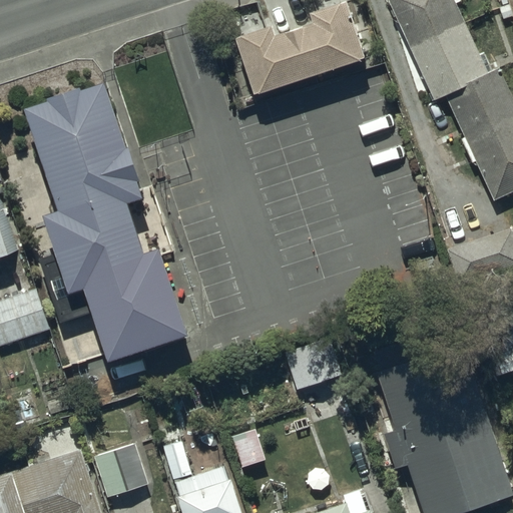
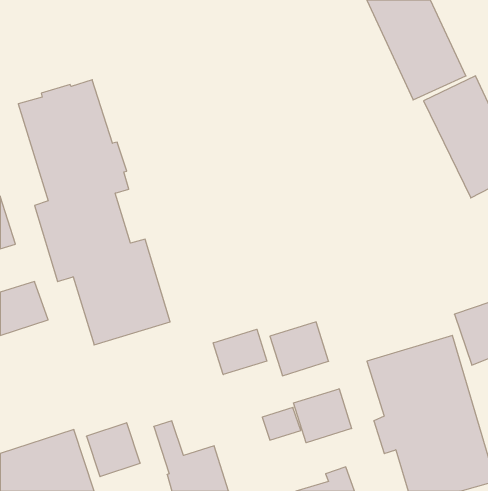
building: [239,6,370,102] -> none
building: none -> [213,329,267,375]
building: none -> [294,389,352,443]

